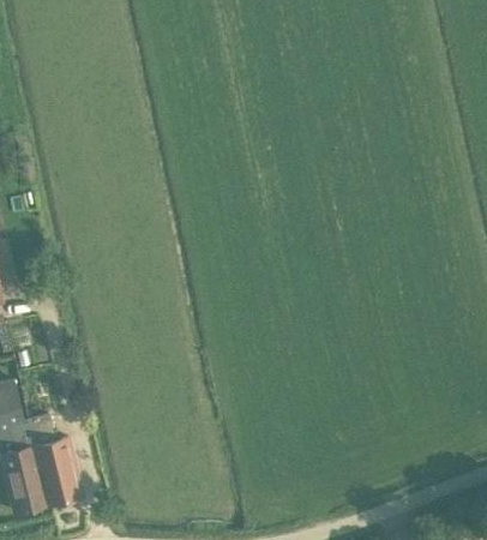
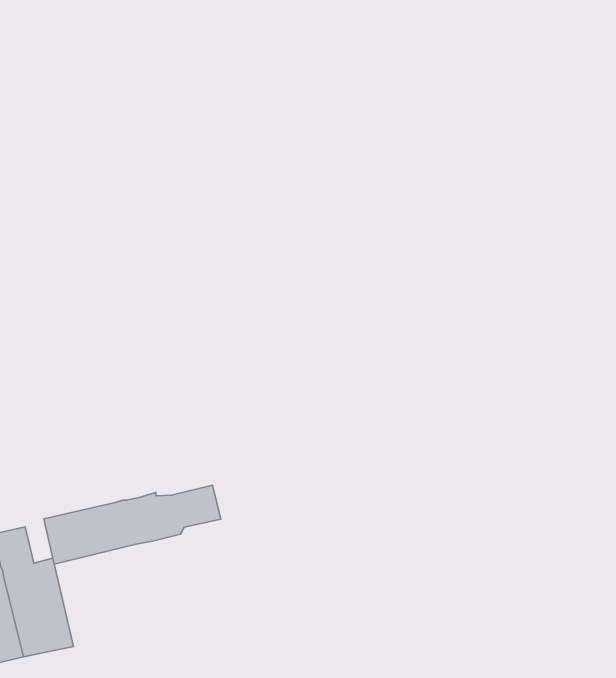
building: none -> [44,485,221,564]

